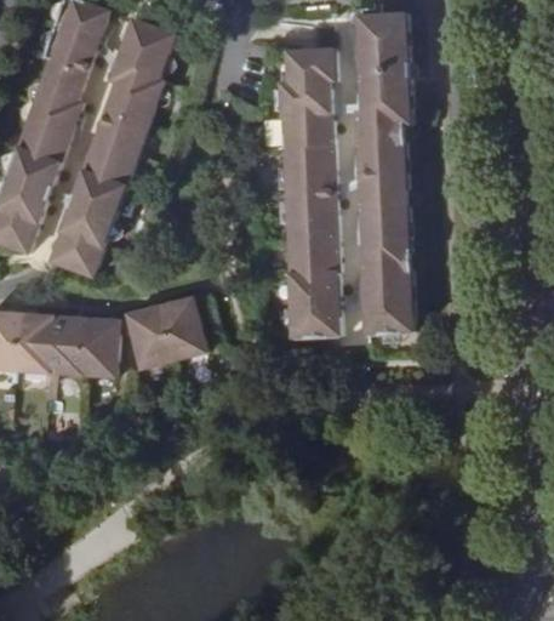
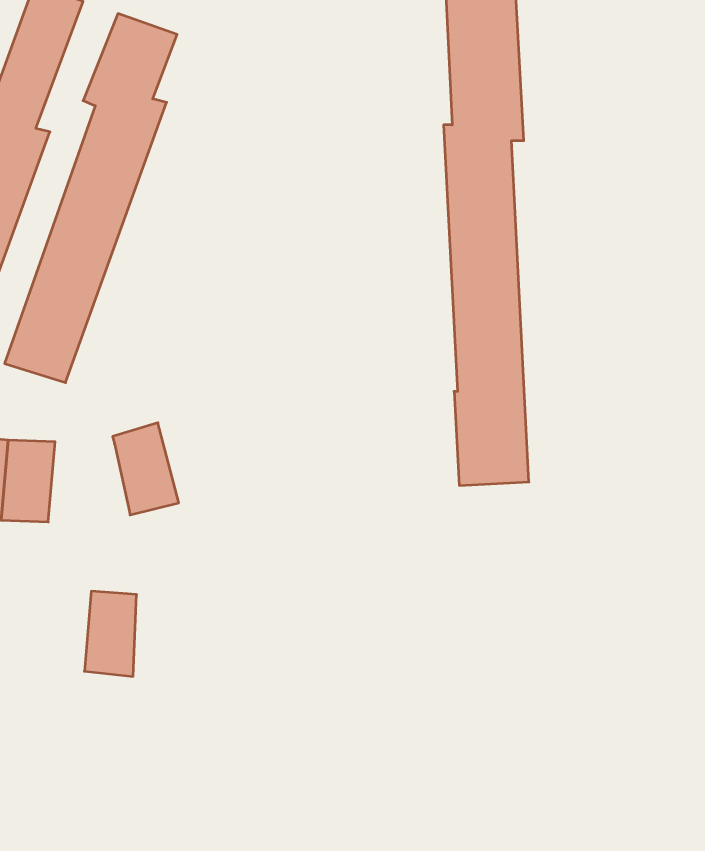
building: [280,32,343,351] -> none
building: [156,296,202,360] -> none
building: [80,318,116,377] -> [84,591,137,676]

